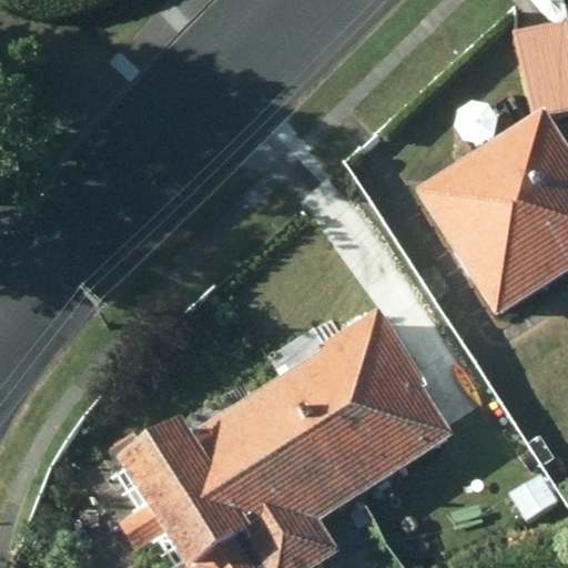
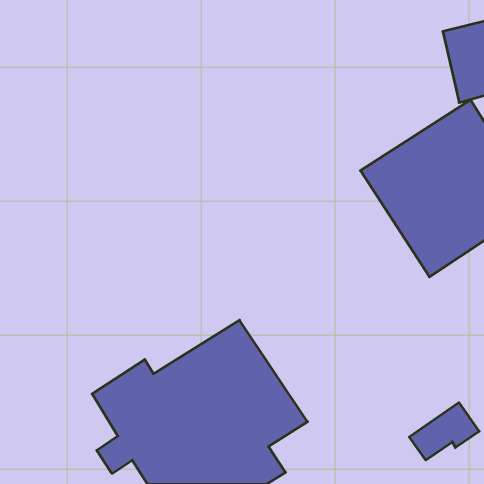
building: [284,311,455,488] -> none

